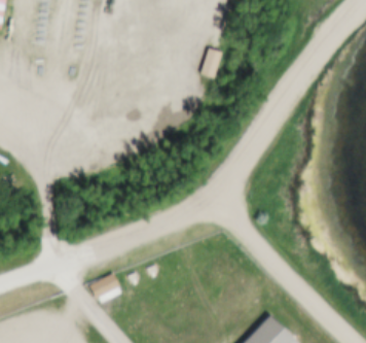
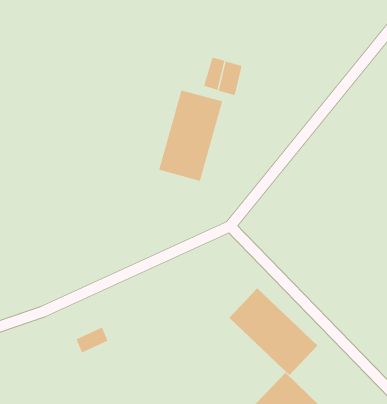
building: none -> [158,89,223,182]
building: none -> [229,287,318,376]

